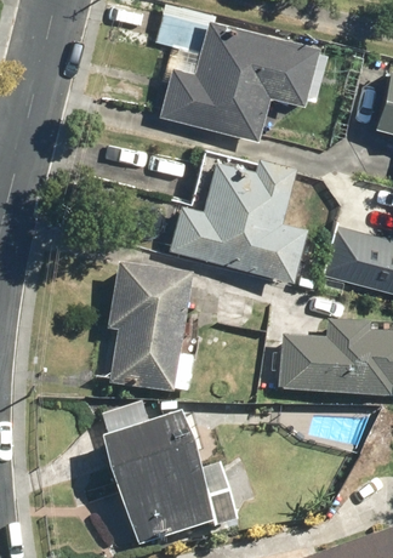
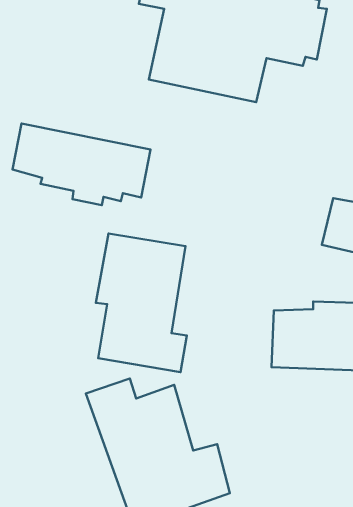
building: [170,149,307,278] -> none
building: none -> [12,123,151,205]

